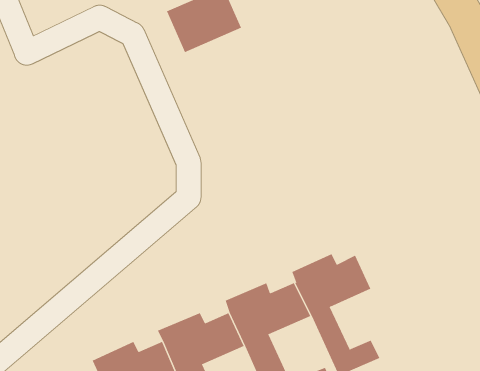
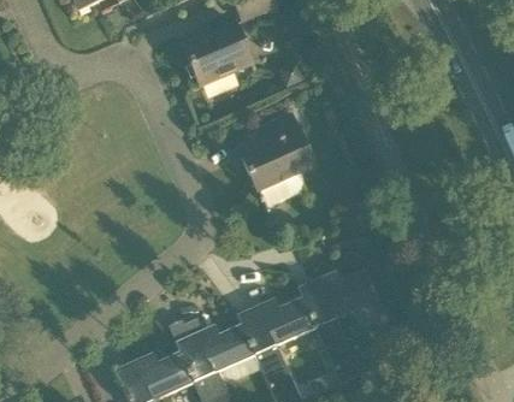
building: none -> [240,114,313,206]

